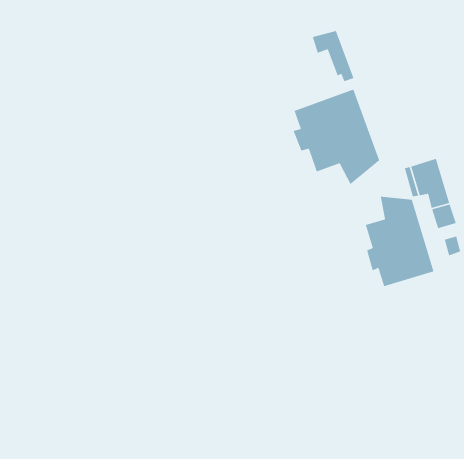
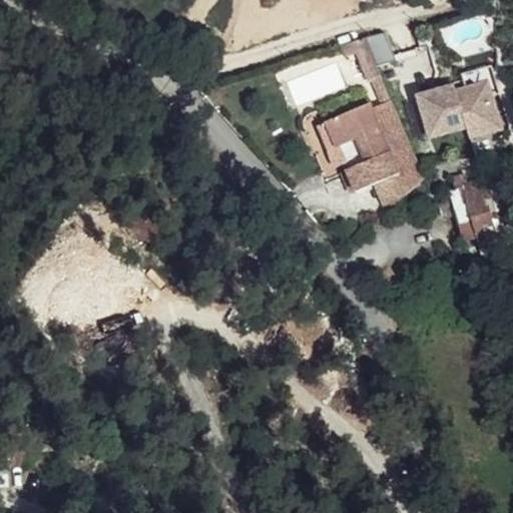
building: none -> [415,71,502,147]
building: [365,196,434,287] -> none

